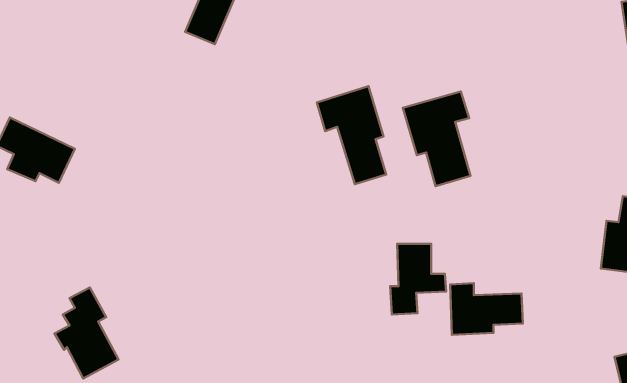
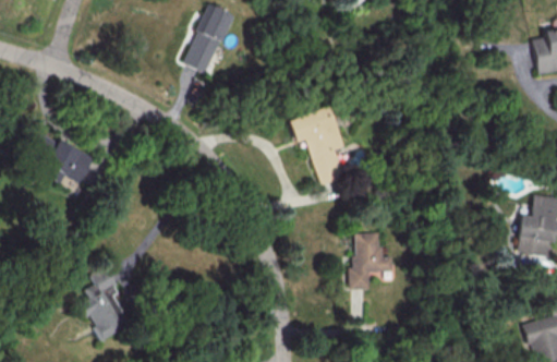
building: [403,91,470,186] -> none
building: [450,283,523,335] -> none

